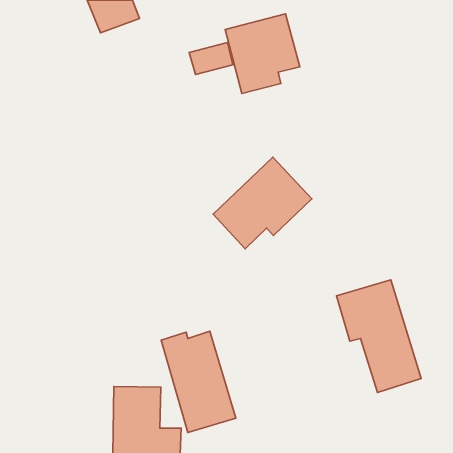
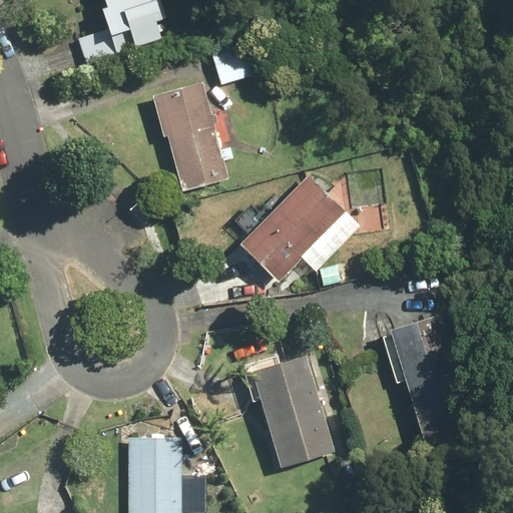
building: [225,14,300,94] -> none
building: none -> [153,82,227,192]
building: [161,331,236,433] -> [250,354,335,468]

